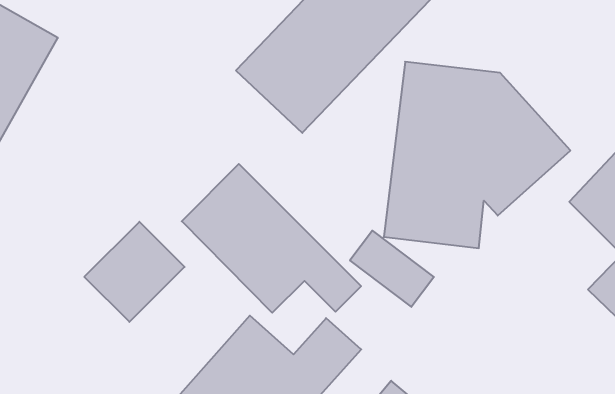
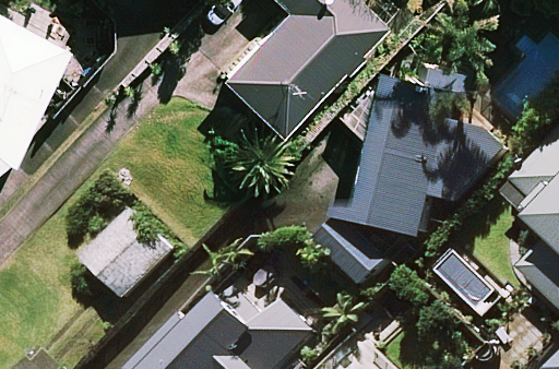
building: [182,164,361,313] -> none

